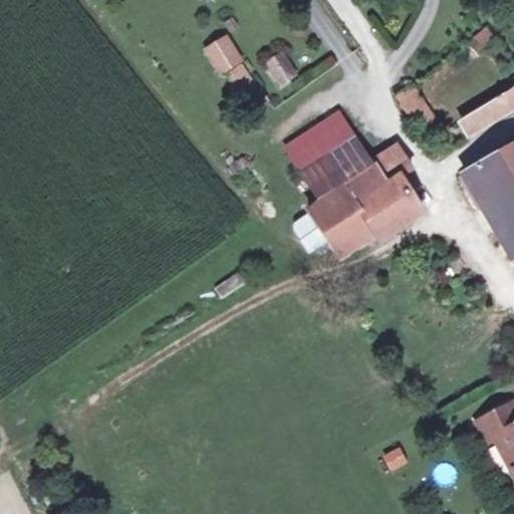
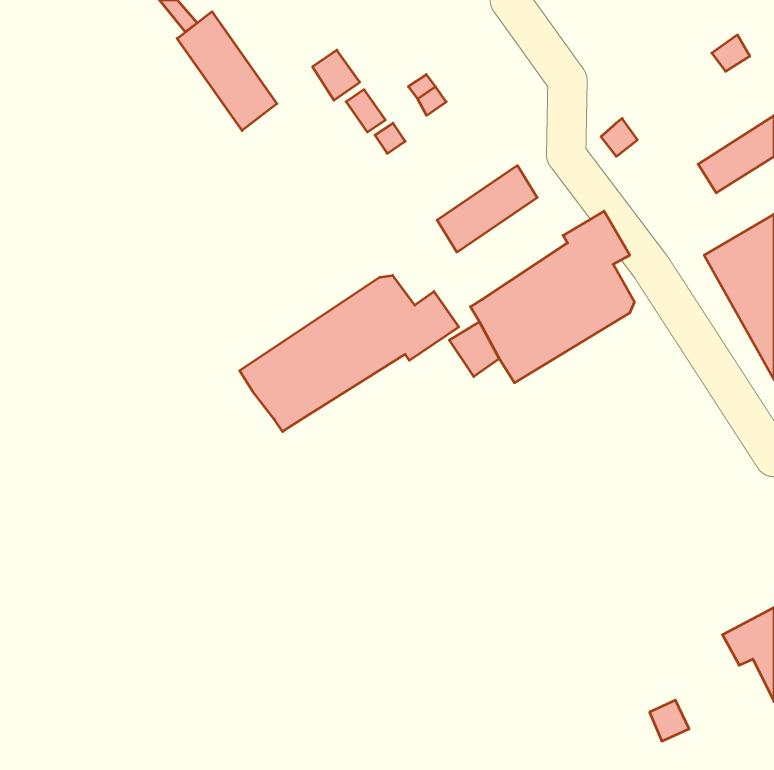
building: none -> [177,12,277,131]
building: [300,135,375,202] -> none
building: none -> [240,275,459,432]

